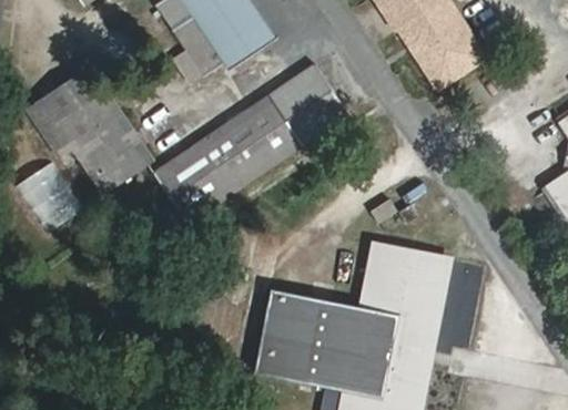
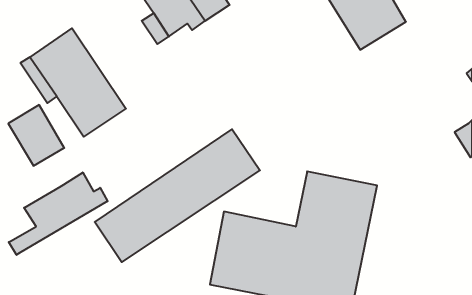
building: [153,68,349,225] -> [95,129,260,262]
building: none -> [9,172,108,255]

